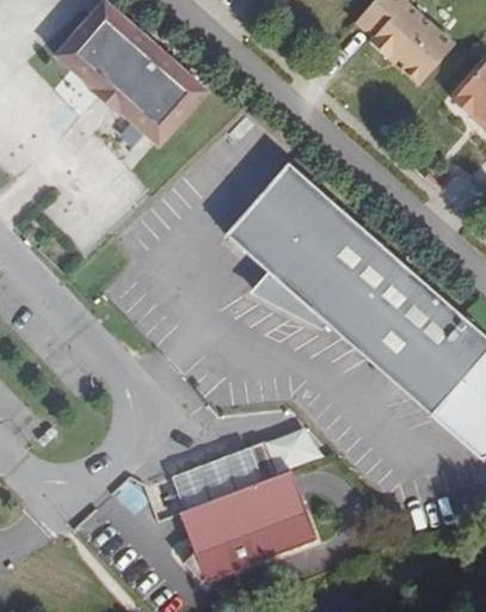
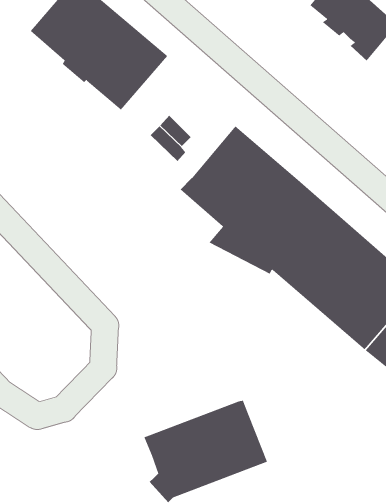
building: [171,422,321,508] -> none

